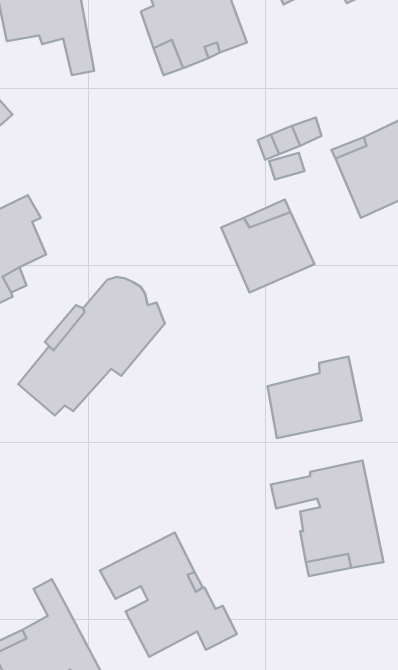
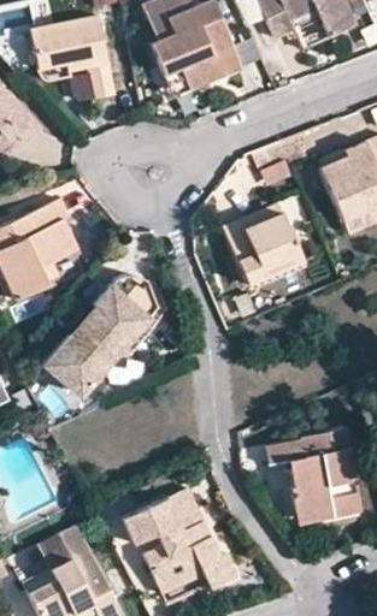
building: [268,357,362,438] -> none

